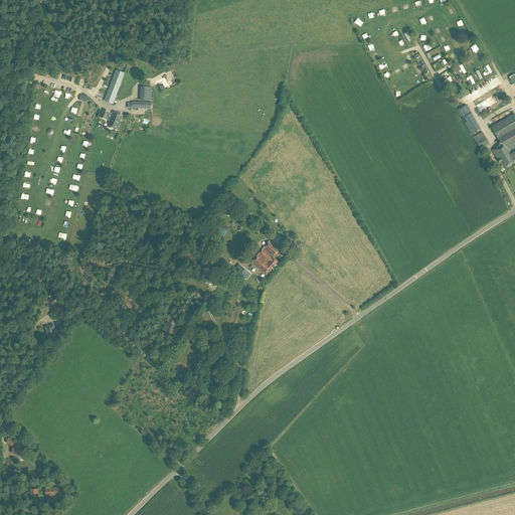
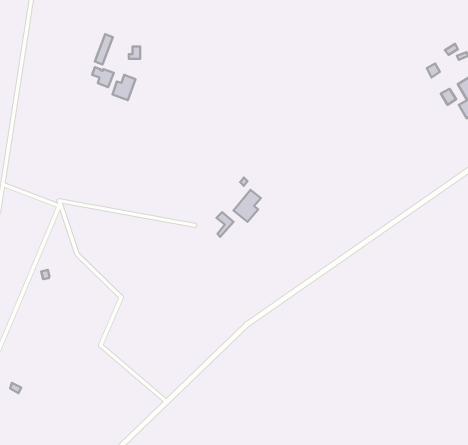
building: none -> [113,75,136,100]

